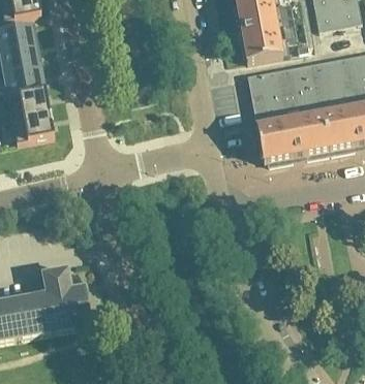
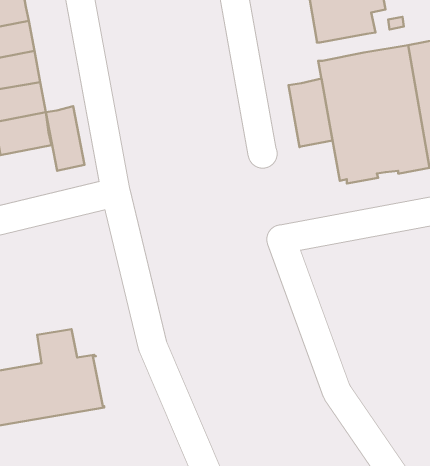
building: none -> [288,78,333,147]
building: none -> [46,106,85,171]

